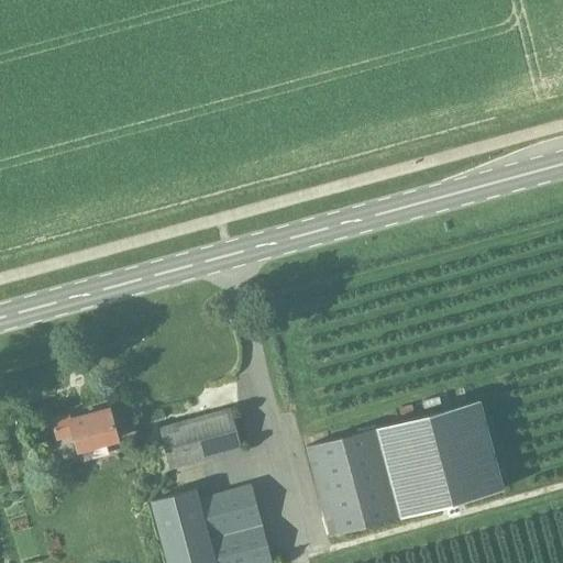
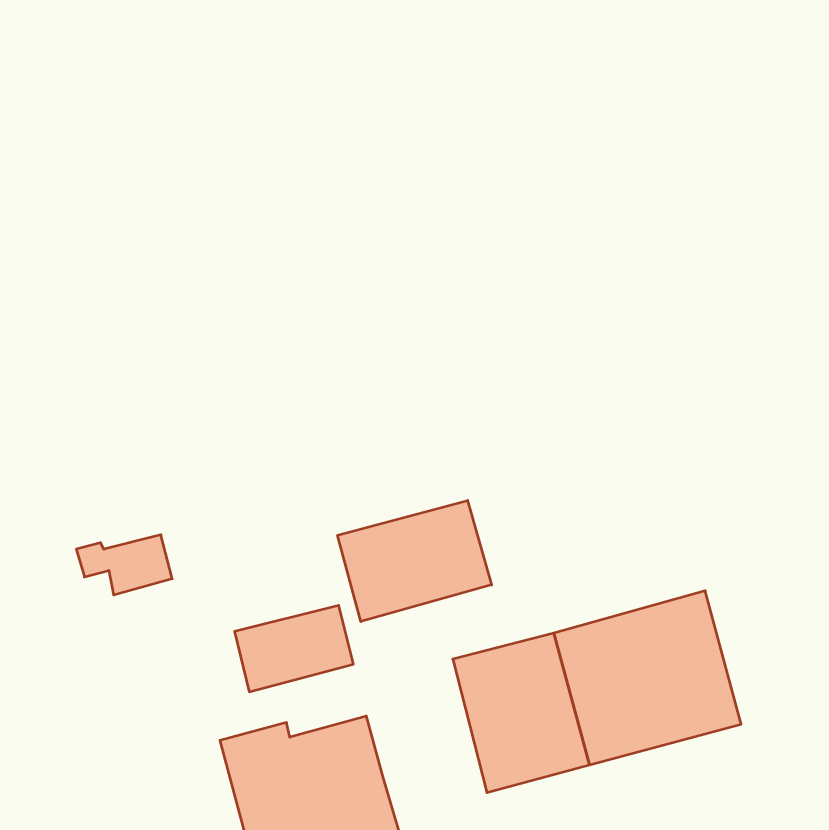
building: none -> [338,500,492,622]
building: [53,410,118,451] -> [76,535,172,595]

